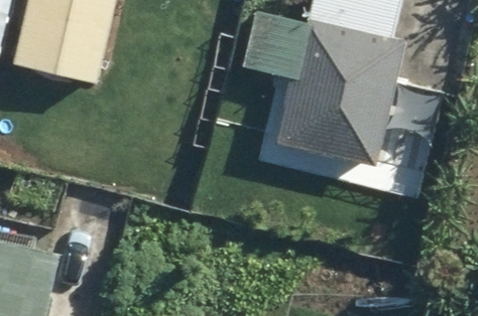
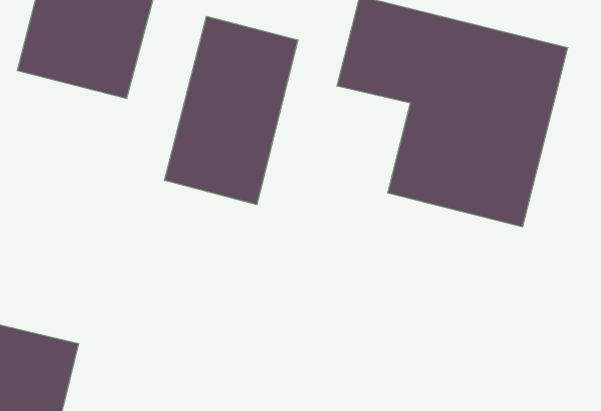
building: none -> [164,16,298,205]

